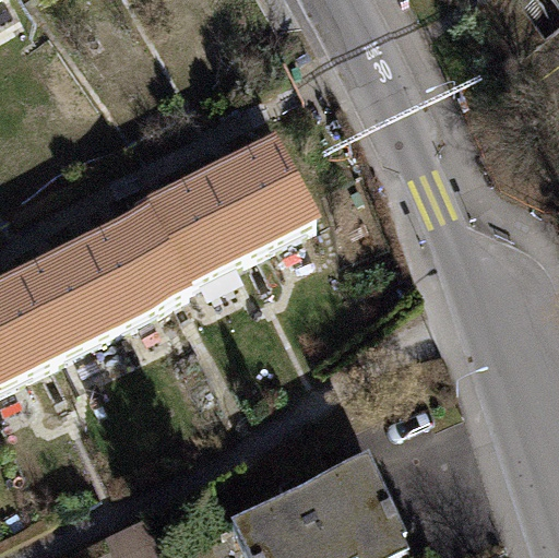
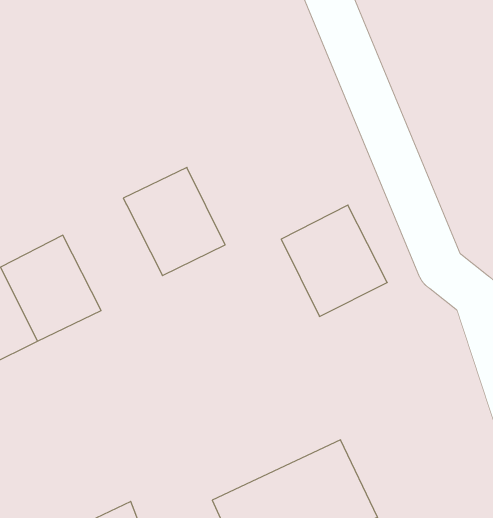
building: [205,141,314,256] -> [281,205,387,316]
building: [78,214,181,323] -> none

